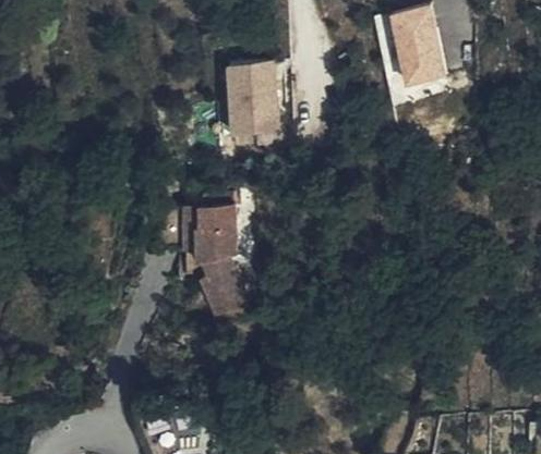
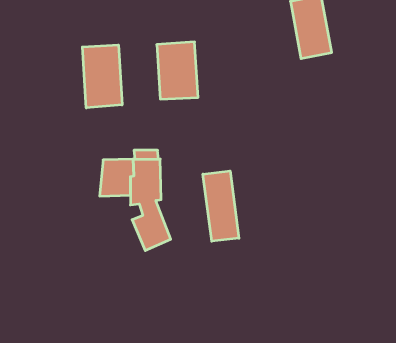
building: none -> [82,45,122,108]
building: none -> [203,171,239,241]

